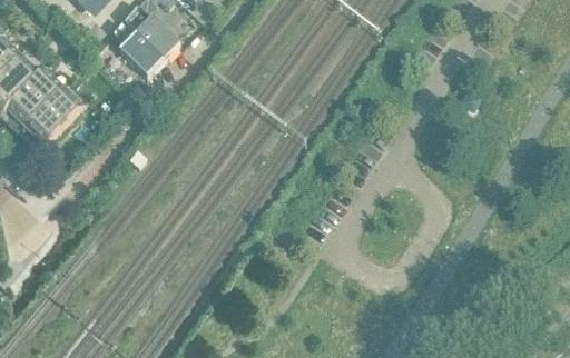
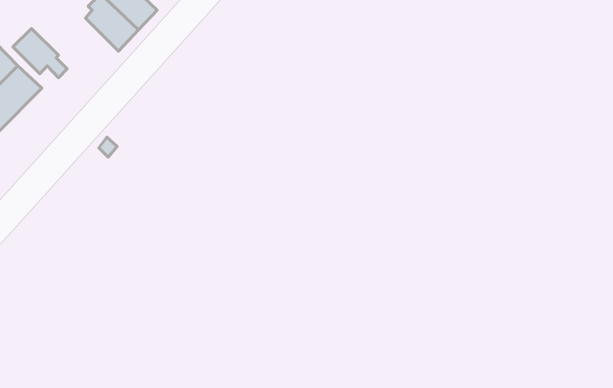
building: none -> [13,28,67,78]

